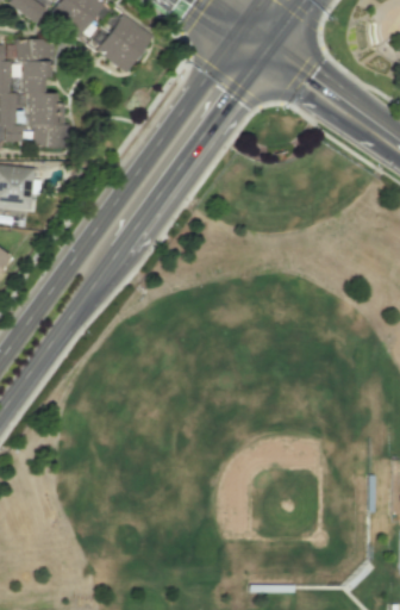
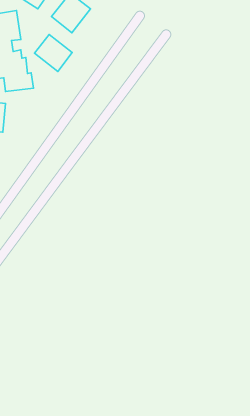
building: none -> [35,34,72,71]

